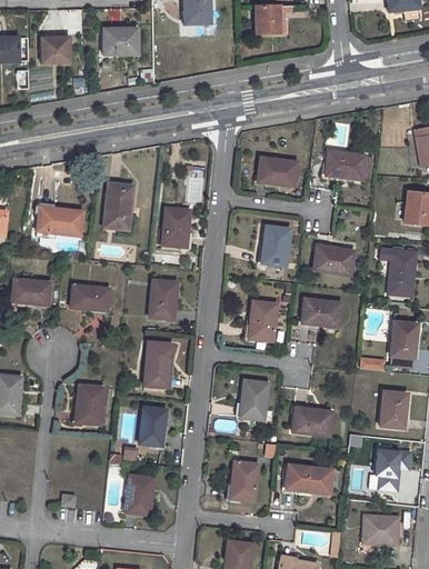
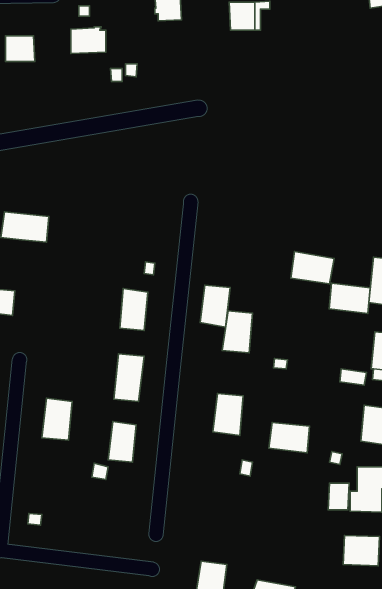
building: [326,150,365,180] -> none
building: [257,157,297,186] -> none
building: [104,182,133,229] -> none
building: [162,207,189,246] -> none
building: [261,226,290,266] -> [200,285,230,327]
building: [70,283,109,310] -> none
building: [302,298,341,327] -> [329,283,370,313]
building: [230,460,258,500] -> none
building: [285,463,332,493] -> none
building: [126,475,153,513] -> none

